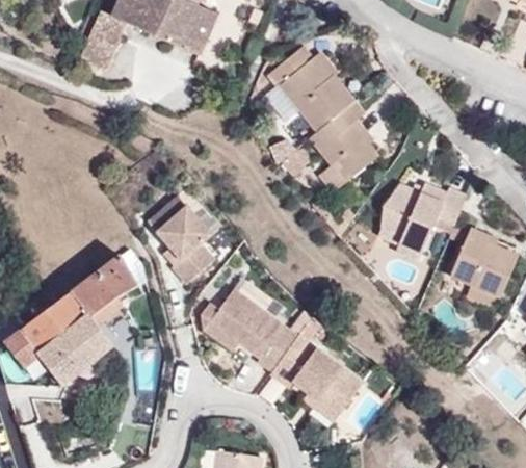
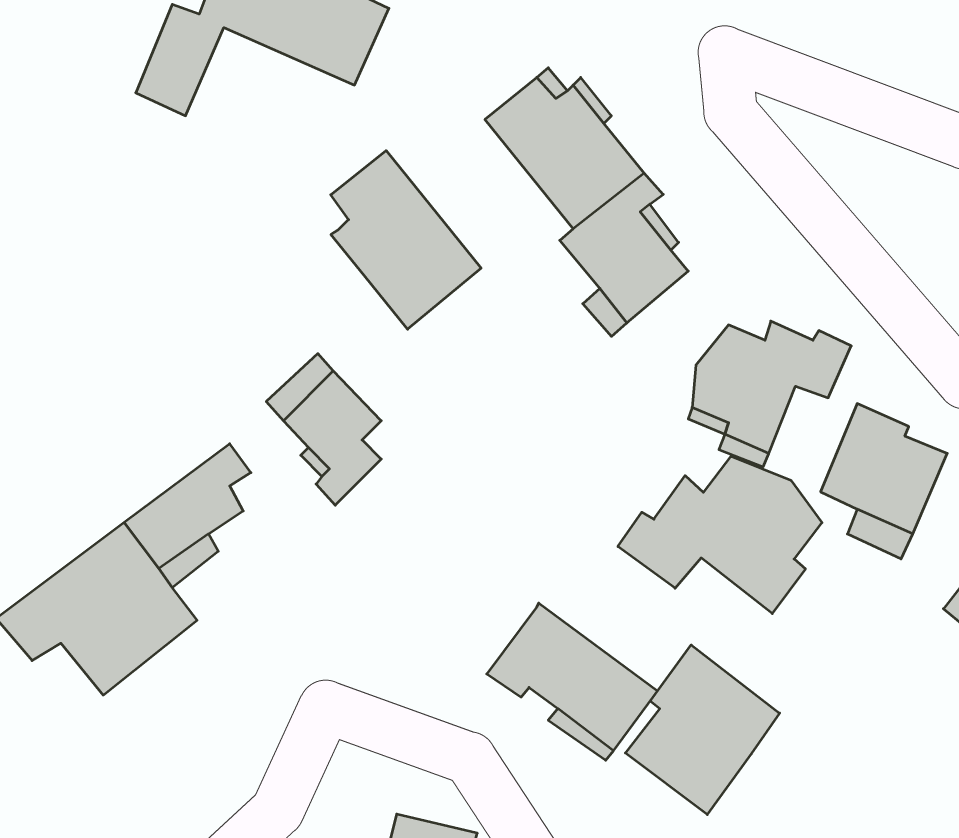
building: none -> [331,151,481,329]
building: none -> [618,456,822,614]
building: [205,290,296,372] -> none
building: none -> [625,645,780,815]

